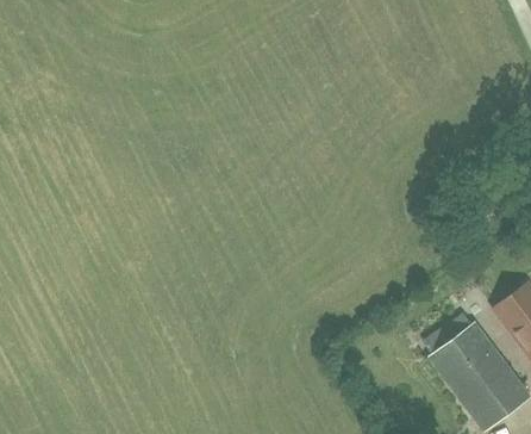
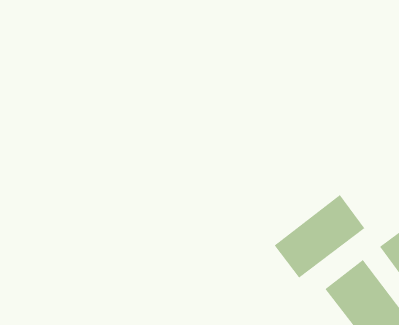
building: none -> [274,194,365,278]

